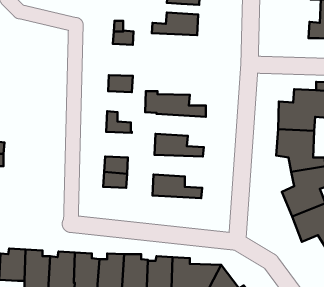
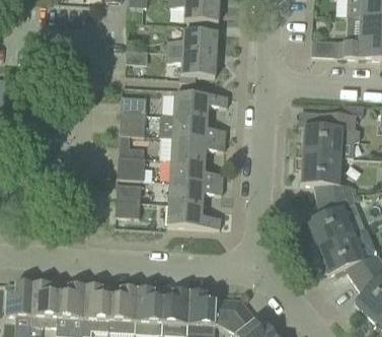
building: none -> [167,52,216,81]
building: none -> [173,93,227,118]
building: none -> [120,114,146,136]
building: none -> [171,138,224,161]
building: none -> [118,157,146,180]
building: none -> [169,182,222,205]

